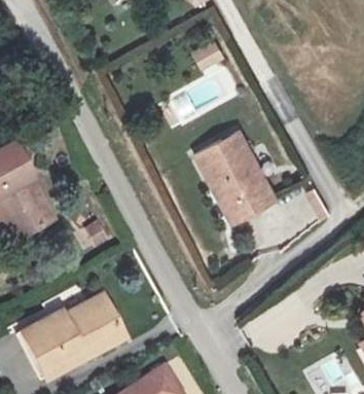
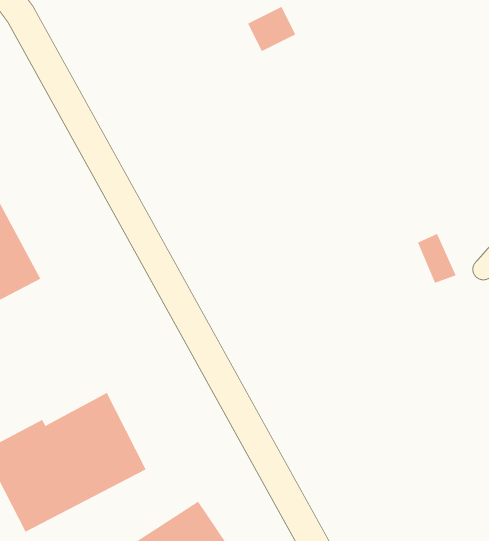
building: [195,135,275,224] -> none

